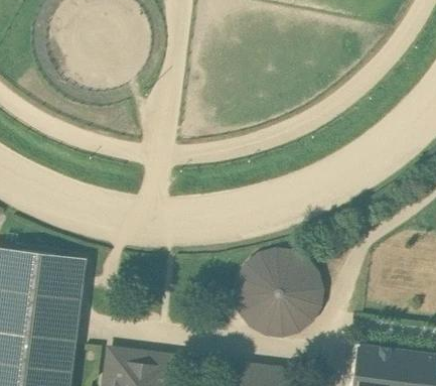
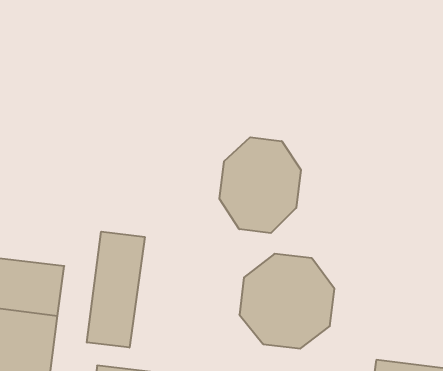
building: none -> [220,137,301,233]
building: none -> [87,232,145,348]

